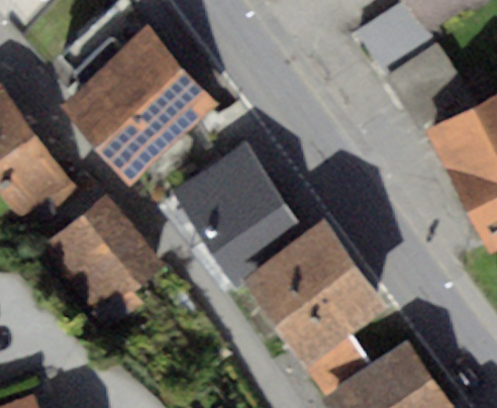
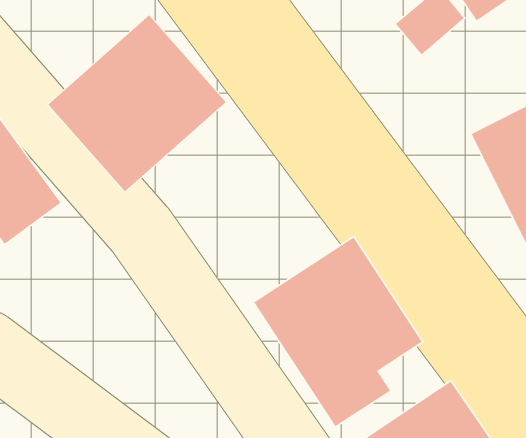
building: [174,149,296,274] -> none
building: [40,204,165,329] -> none

